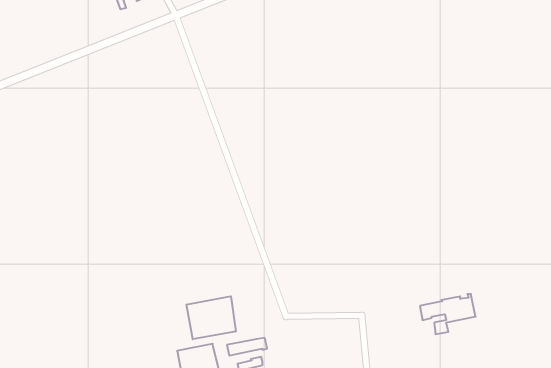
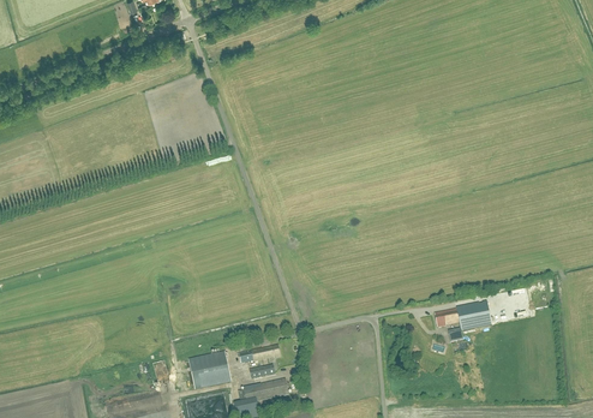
building: [186,296,236,339] -> none

